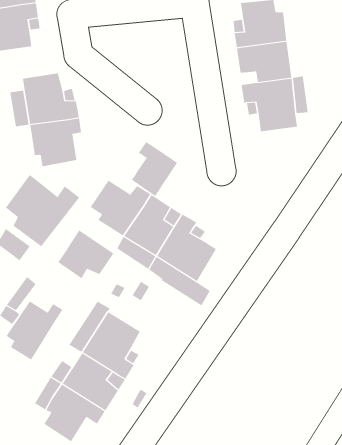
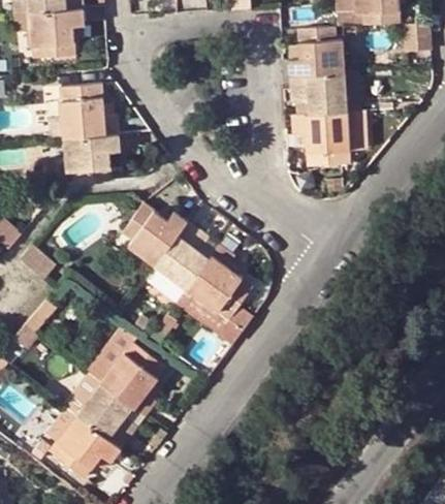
building: [131,141,178,197] -> none
building: [5,174,80,247] -> none
building: [57,229,114,279] -> none
building: [6,300,63,361] -> none

